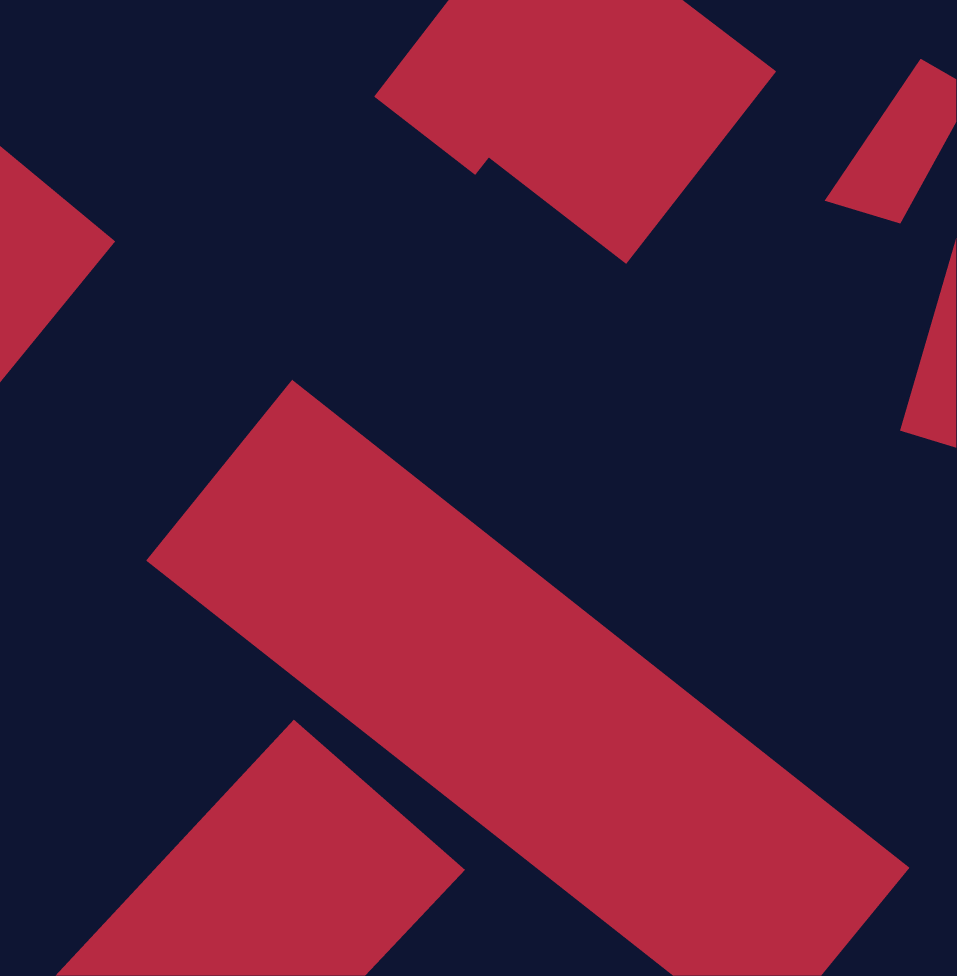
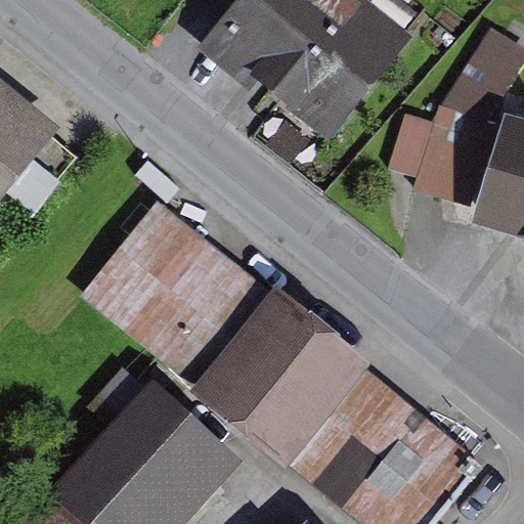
building: none -> [387,106,477,199]

